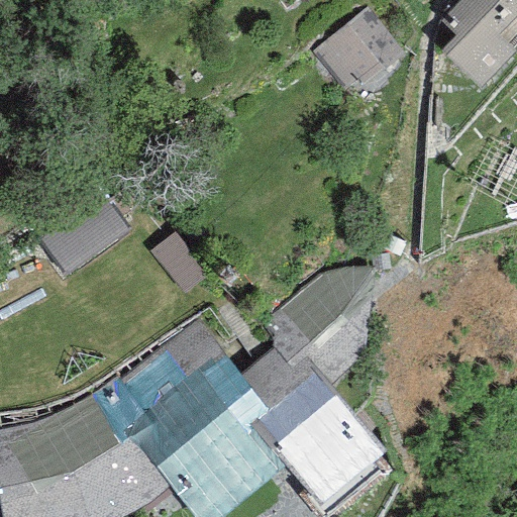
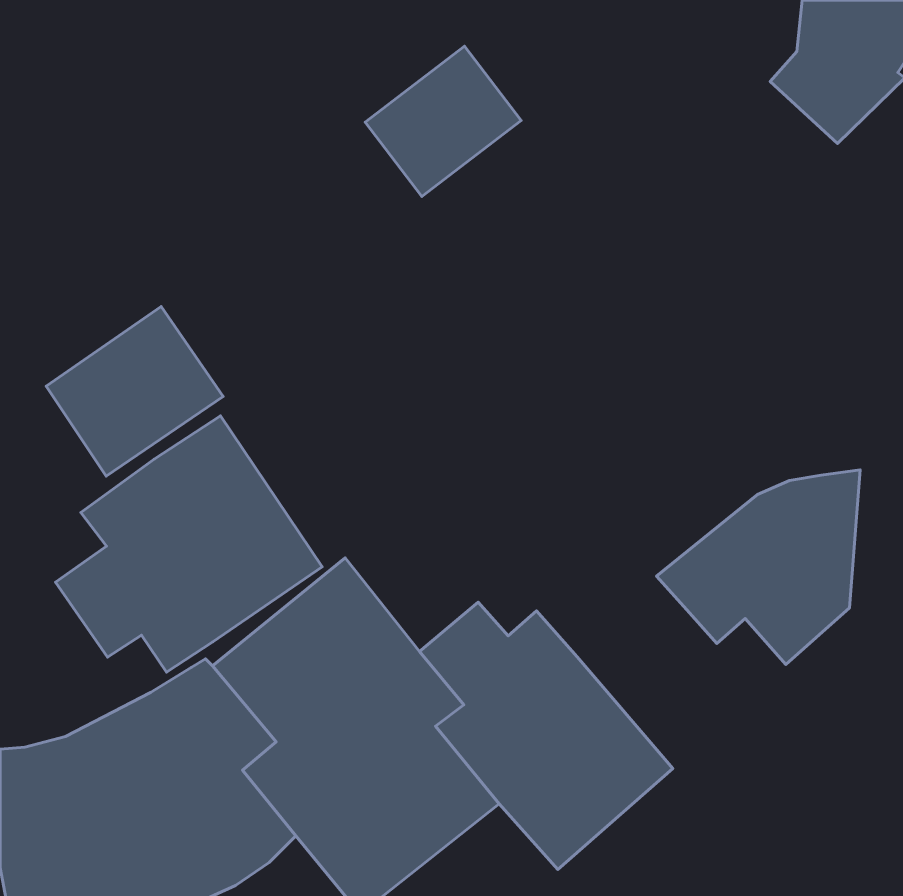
building: [313,9,402,95] -> [365,46,521,197]
building: none -> [56,416,322,672]
building: [256,269,373,380] -> [657,470,860,665]

